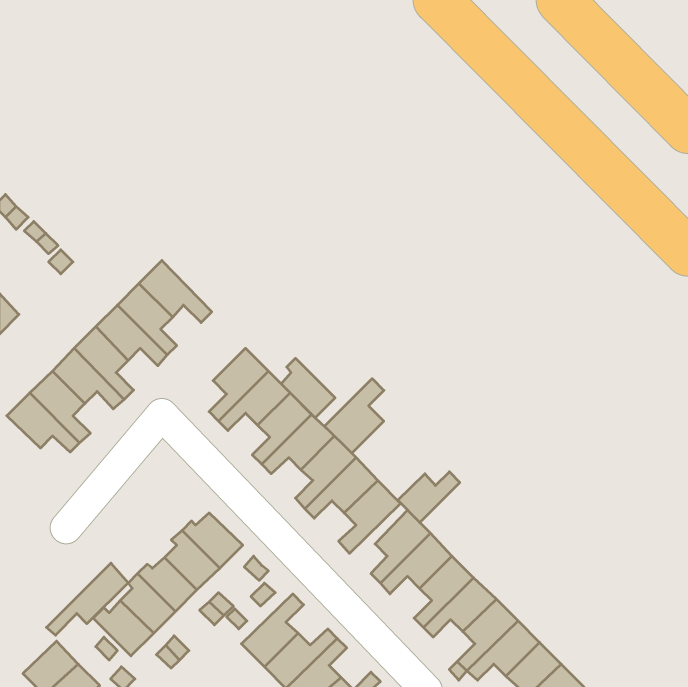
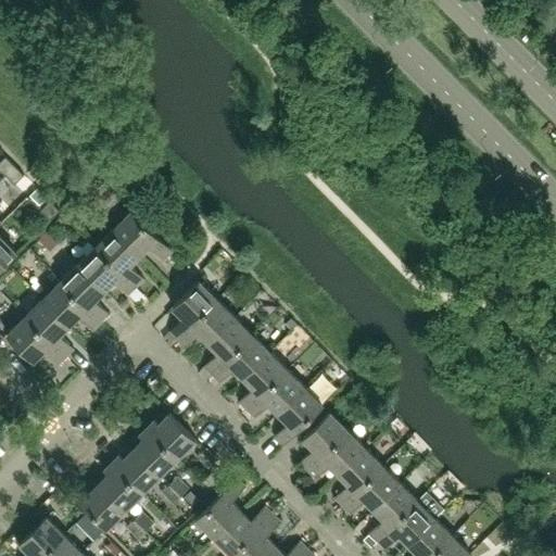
building: [281,358,335,418] -> none
building: [325,379,384,453] -> none
building: [398,472,460,523] -> none
building: [46,563,128,635] -> none

